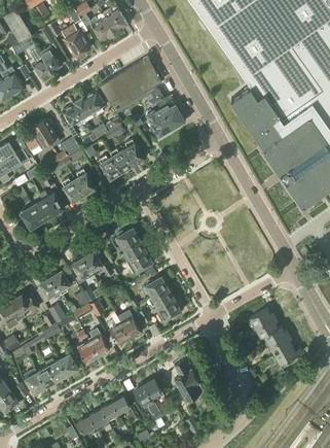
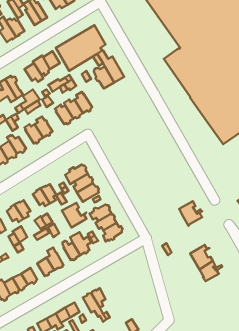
building: none -> [62,203,86,227]
building: [250,309,278,339] -> [179,201,202,226]
building: [174,361,204,403] -> none

